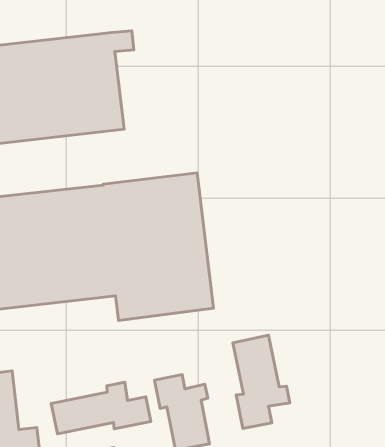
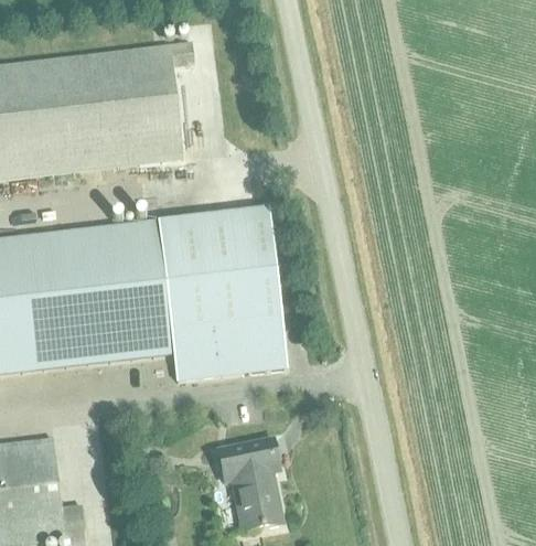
building: [233,335,290,429] -> none
building: [51,382,151,434] -> none

